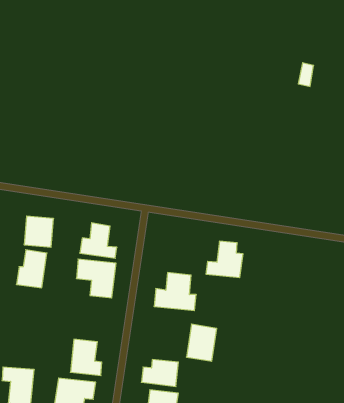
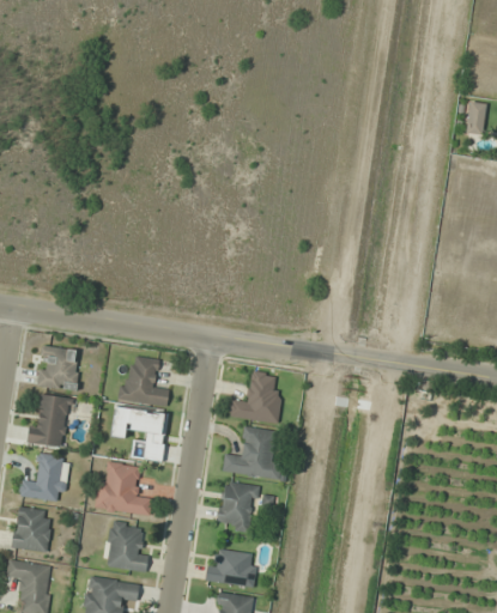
building: [298,63,314,86] -> [465,102,486,135]
building: [206,241,243,278] -> [230,371,283,423]
building: none -> [20,454,66,500]
building: none -> [93,462,153,516]
building: [186,324,217,361] -> [217,480,260,533]
building: none -> [12,506,53,552]

